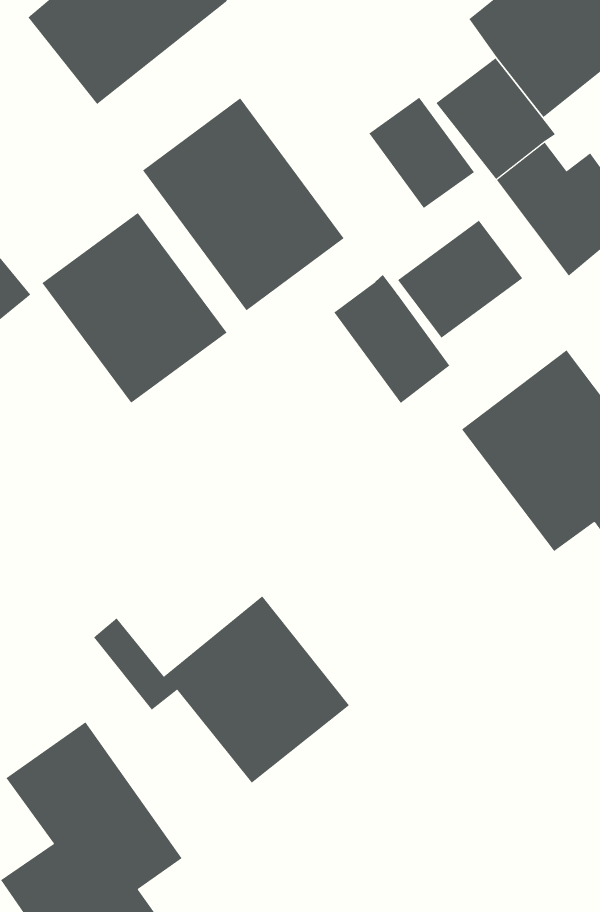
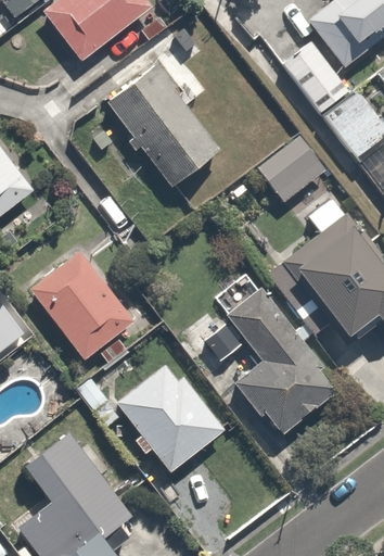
building: [368,97,475,209] -> none
building: [42,212,227,404] -> [30,247,141,361]
building: [334,274,450,404] -> none
building: none -> [183,274,337,432]

